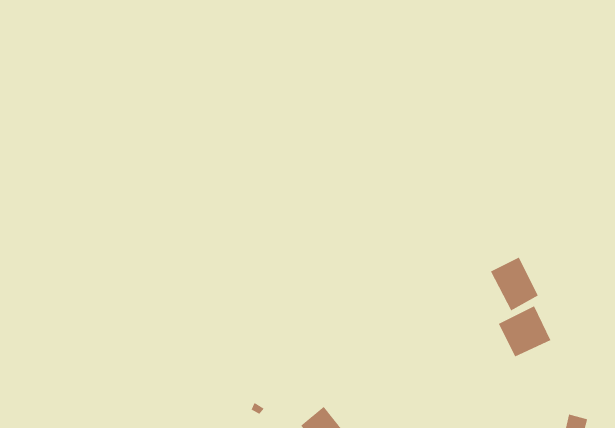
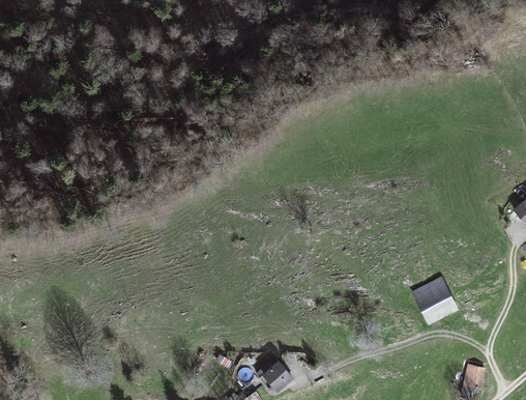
building: [490,257,539,312] -> none

